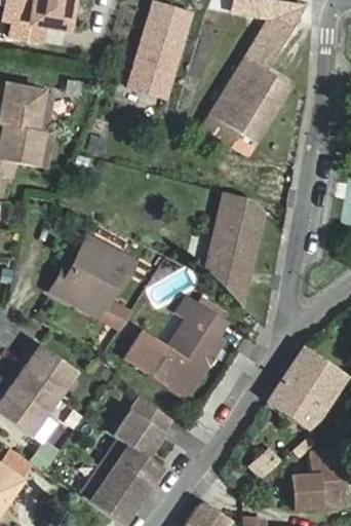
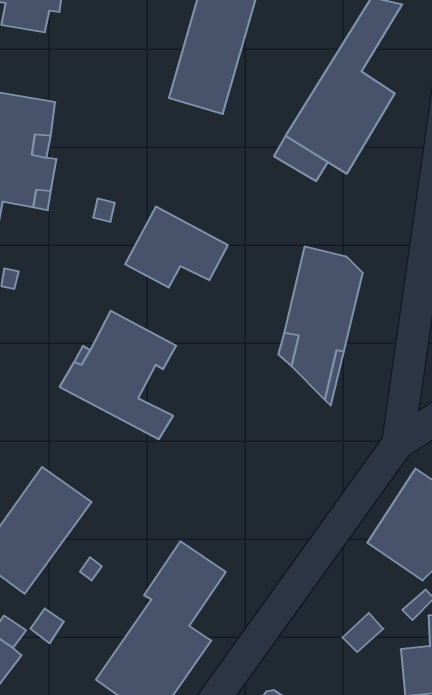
building: none -> [125,206,228,288]
building: [125,304,232,399] -> none

